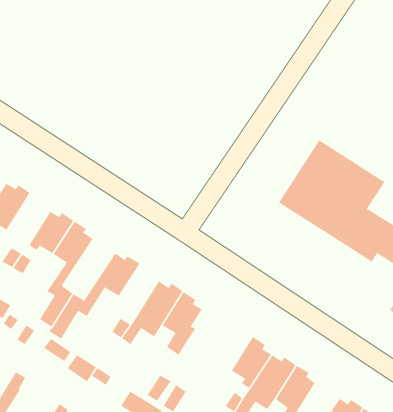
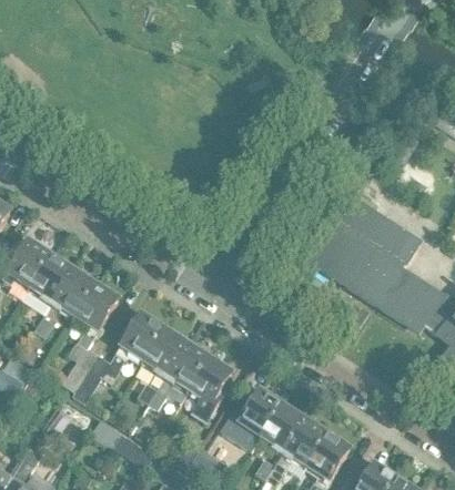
building: none -> [28,252,72,306]
building: none -> [144,325,185,378]
building: none -> [233,390,283,436]

